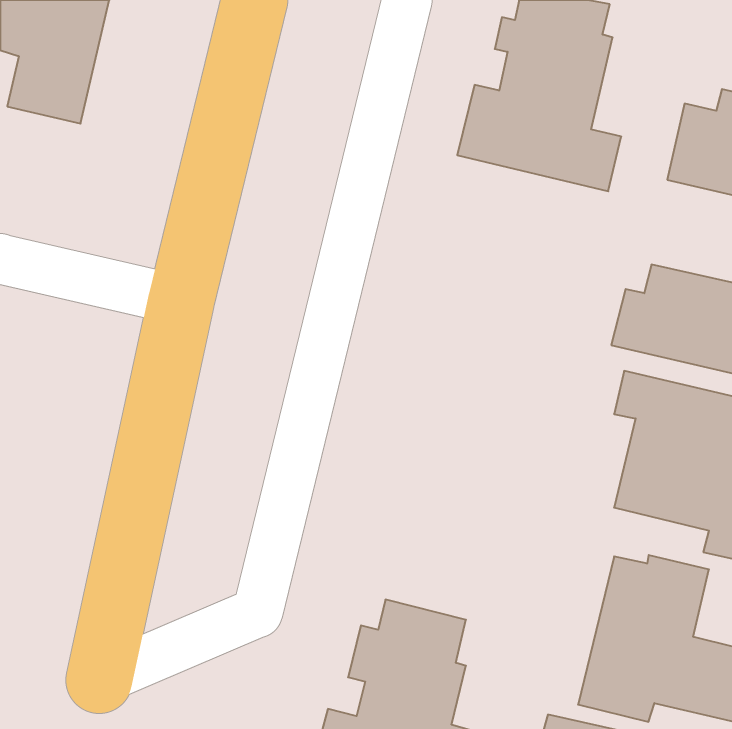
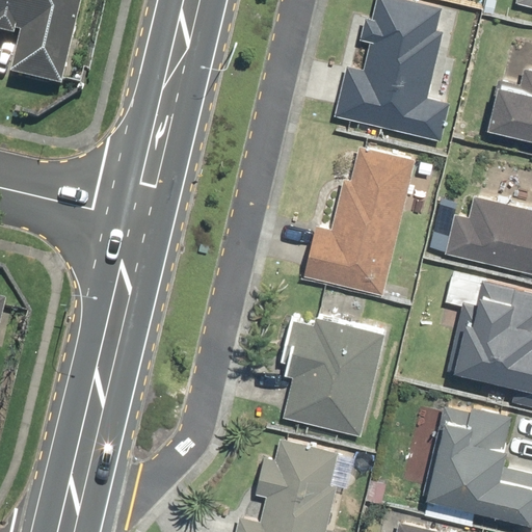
building: none -> [302,145,416,297]
building: none -> [278,316,387,438]

